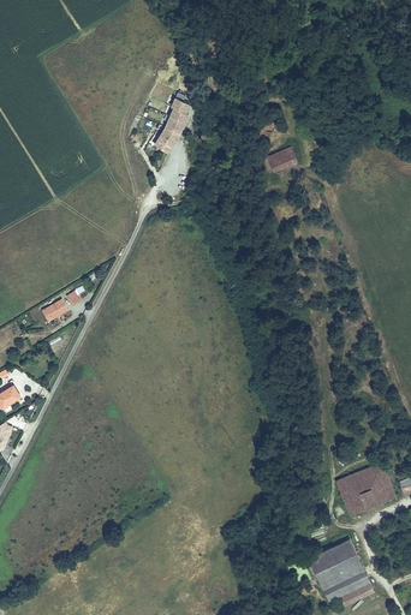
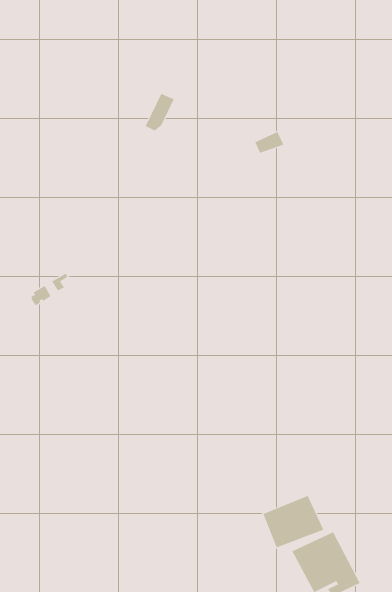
building: [336,462,397,514] -> [262,495,324,548]

